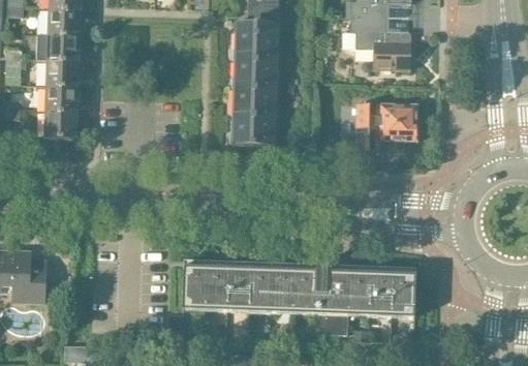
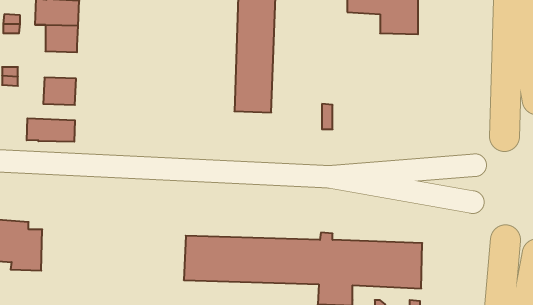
building: [45,84,77,111] -> none
building: [354,101,421,151] -> none
building: none -> [27,118,75,142]

